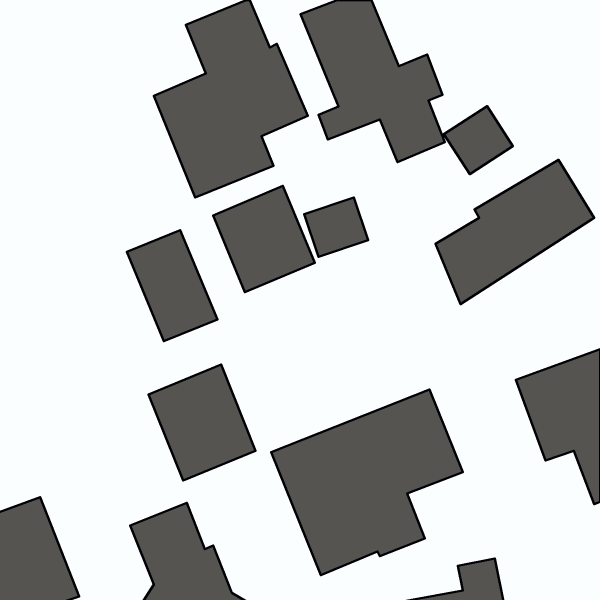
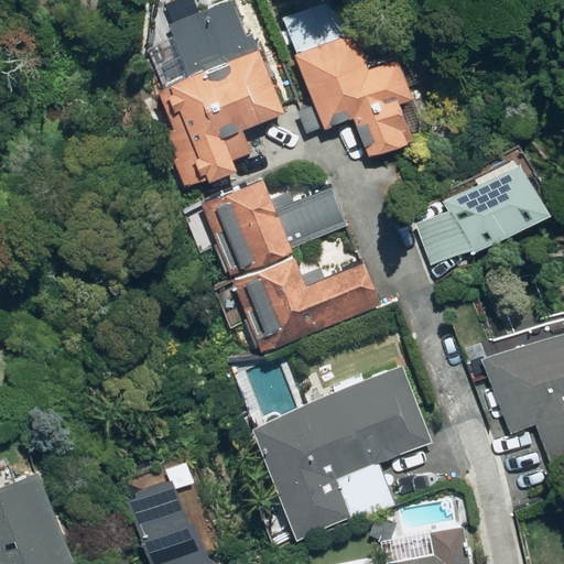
building: [444,106,513,174] -> none
building: [127,230,217,341] -> none
building: none -> [230,253,381,355]
building: [148,365,256,480] -> none

